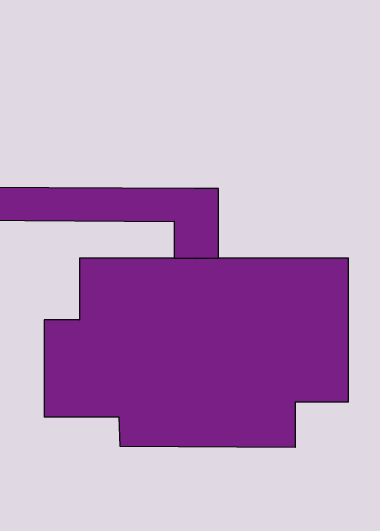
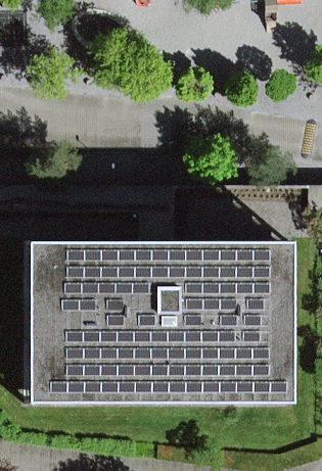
building: none -> [31,241,295,404]

